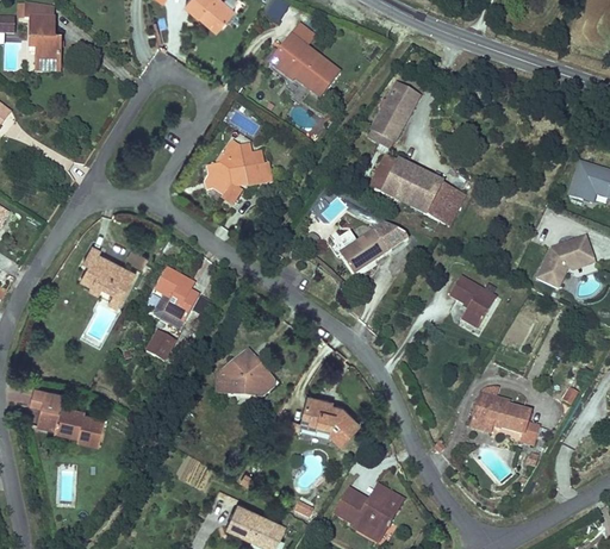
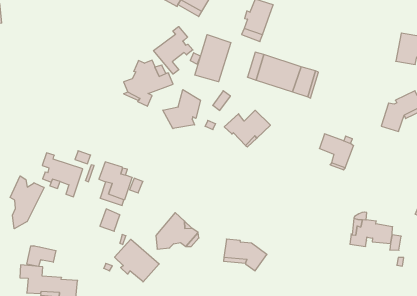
building: none -> [154,27,193,74]
building: none -> [195,35,231,82]
building: none -> [163,90,200,129]
building: [373,222,410,252] -> none
building: none -> [10,176,44,229]
building: none -> [27,246,56,266]
building: none -> [115,239,159,282]

